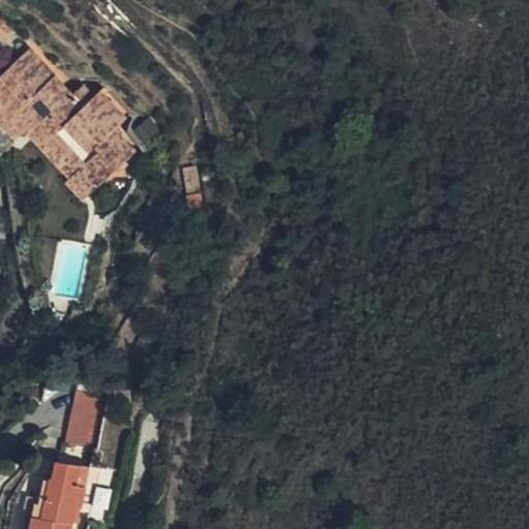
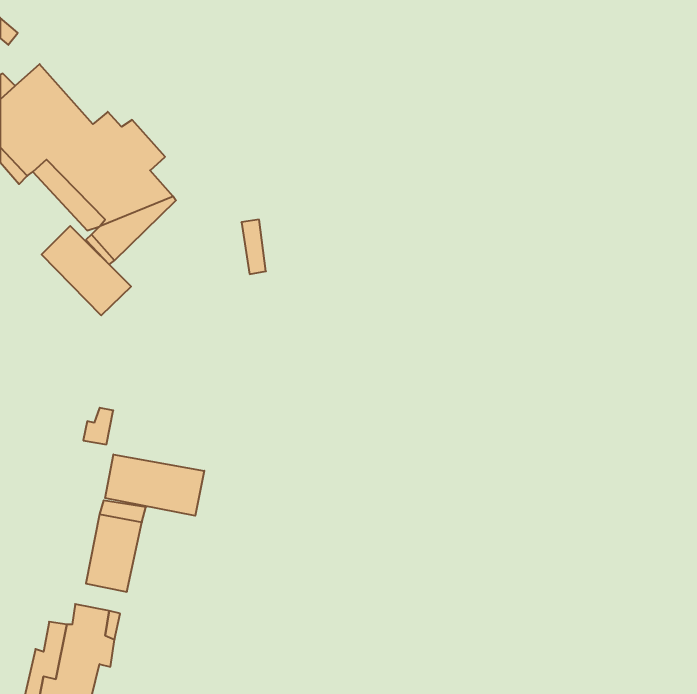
building: none -> [42,226,131,315]
building: none -> [105,454,204,516]

